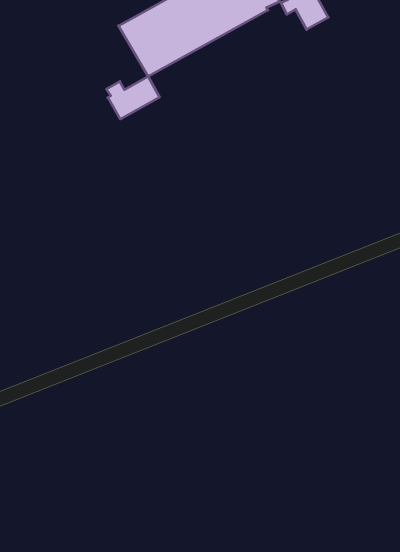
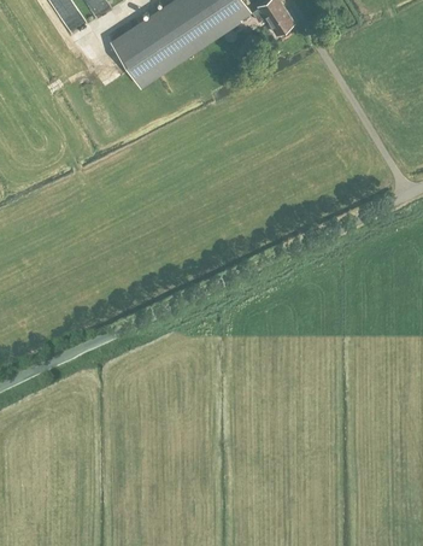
building: [107,76,159,119] -> none

